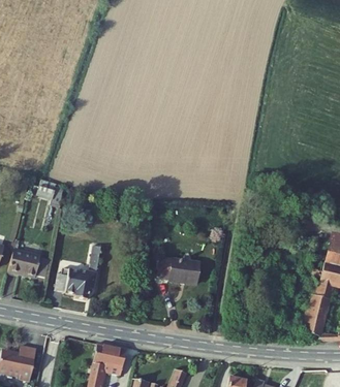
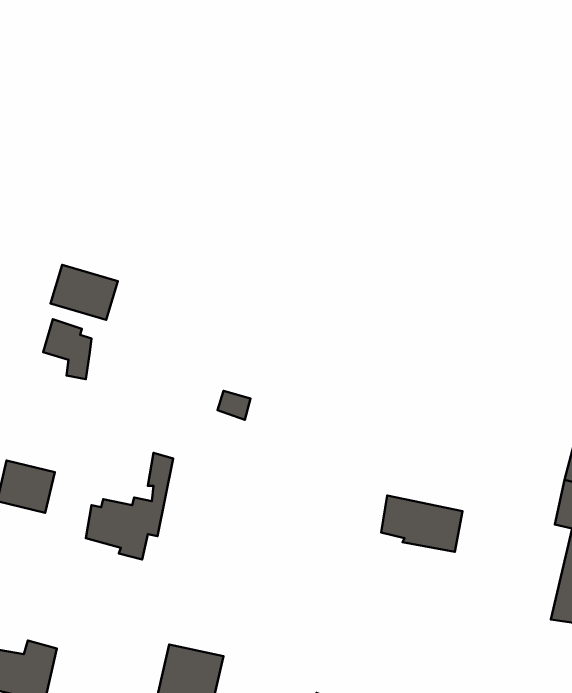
building: none -> [51,265,118,320]
building: [154,257,197,287] -> [381,496,463,552]

